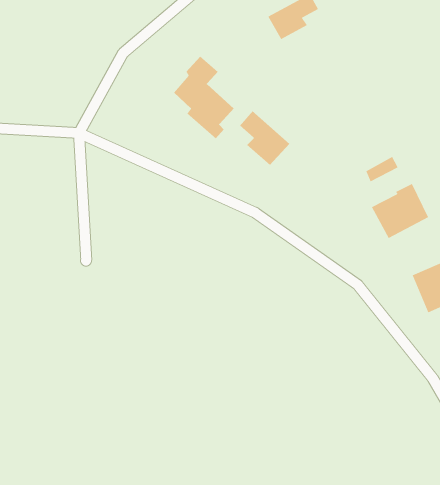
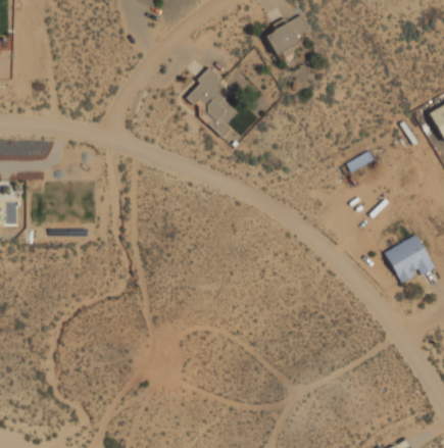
building: [239,111,290,166] -> none
building: [371,183,429,239] -> none

